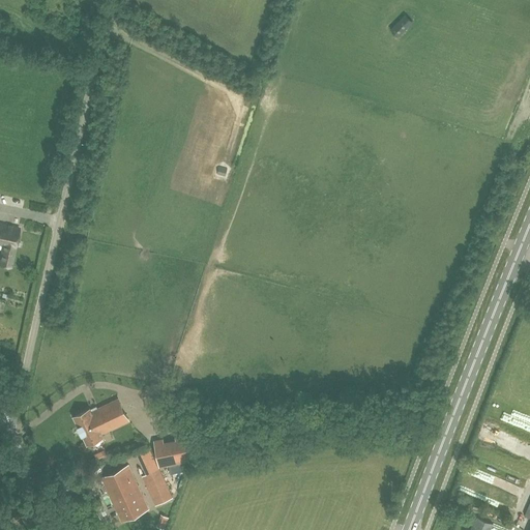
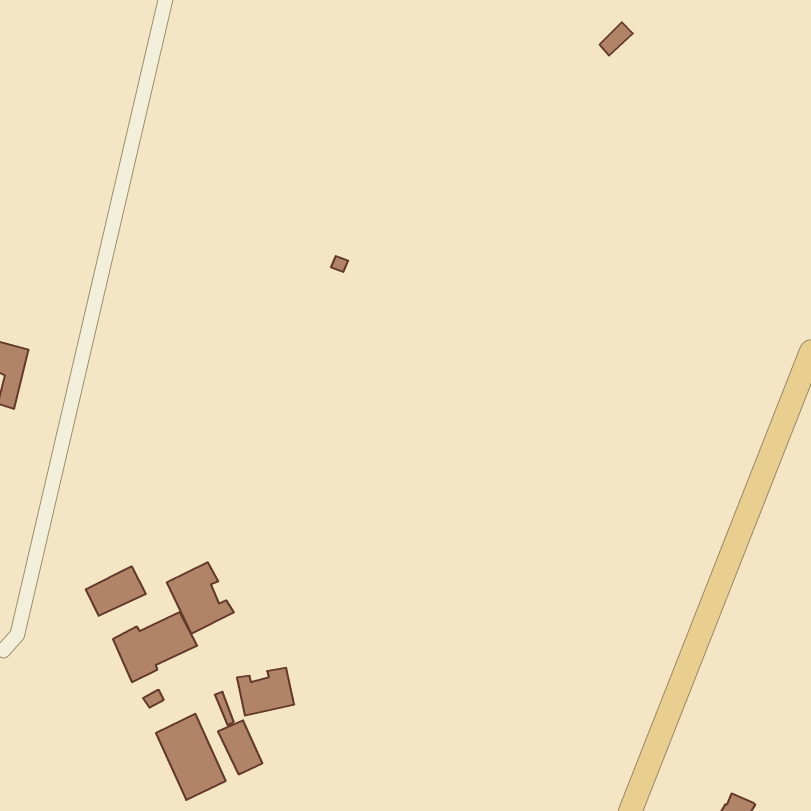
building: none -> [167,562,234,634]
building: none -> [86,566,146,616]

